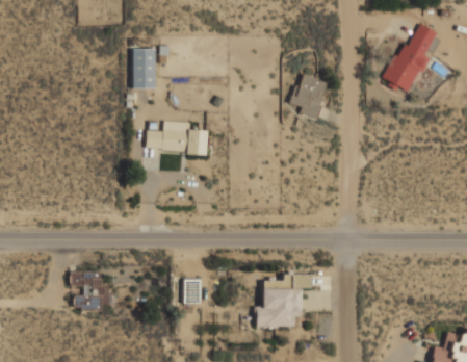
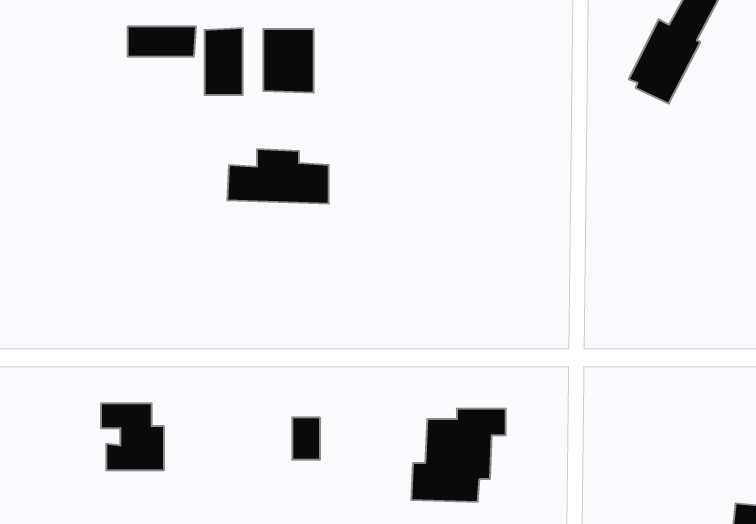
building: none -> [128,26,196,57]
building: none -> [263,29,314,93]
building: [289,75,327,118] -> none

